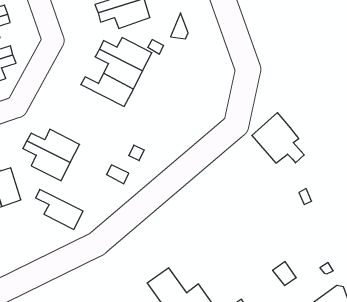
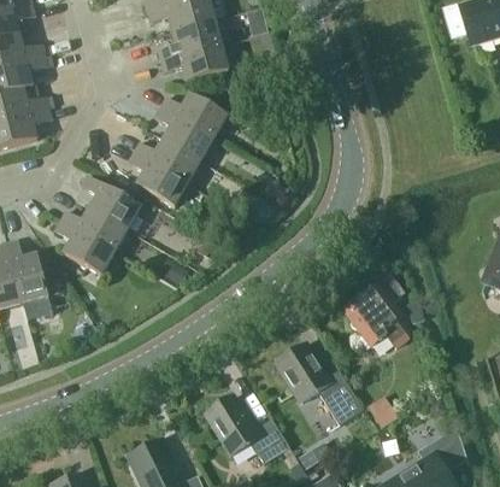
building: none -> [128,152,188,206]
building: [252,113,304,163] -> [342,281,408,347]
building: [36,189,83,229] -> [81,175,141,229]
building: none -> [276,344,364,424]

